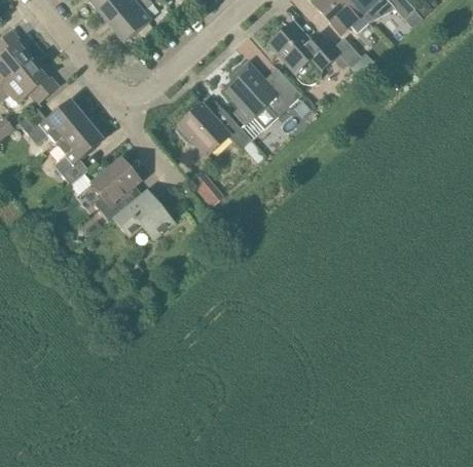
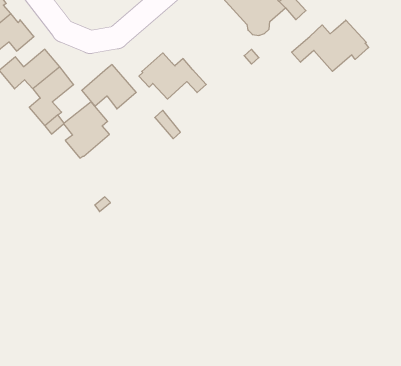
building: [225,62,301,129] -> none
building: none -> [292,20,369,71]
building: [113,190,174,239] -> [82,65,136,109]

